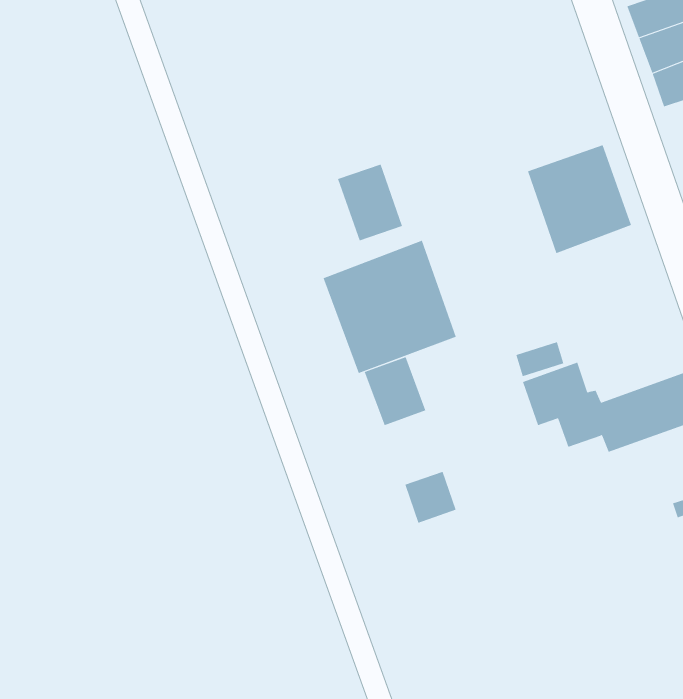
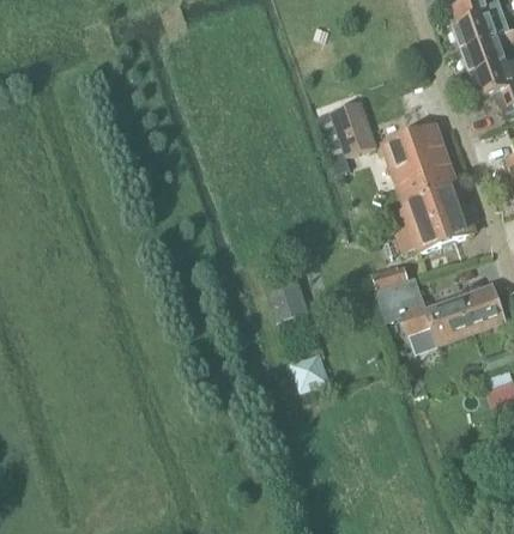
building: [337,164,403,241] -> [328,101,375,156]
building: none -> [388,181,473,250]
building: [323,240,456,374] -> none

